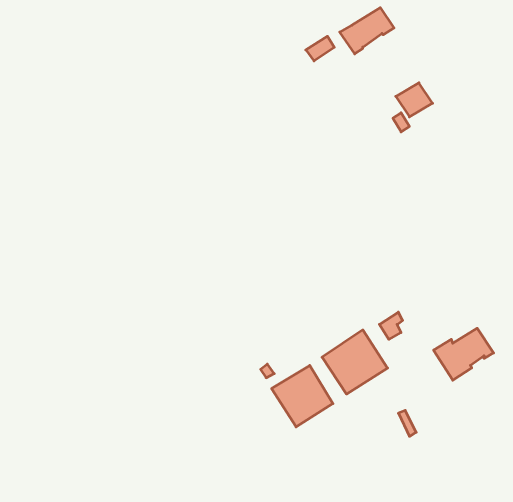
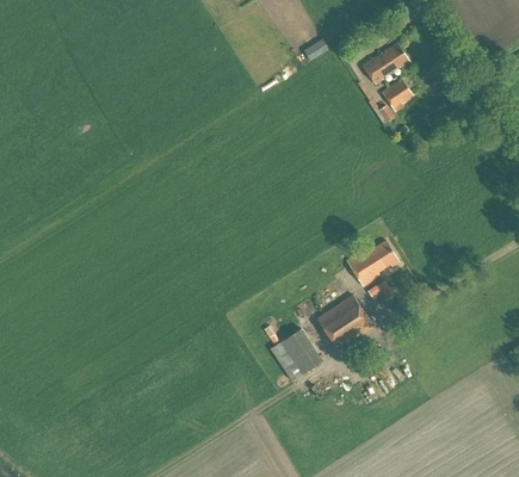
building: [340,8,394,54] -> [362,44,409,85]
building: [434,328,494,380] -> [346,242,398,287]

